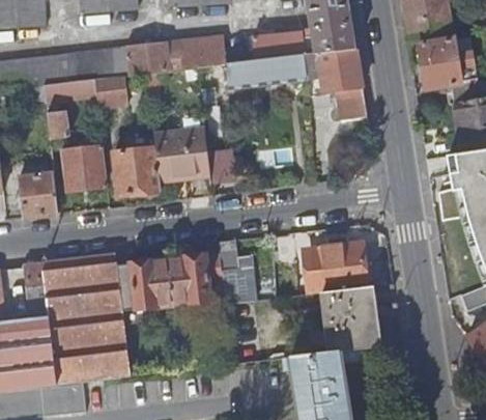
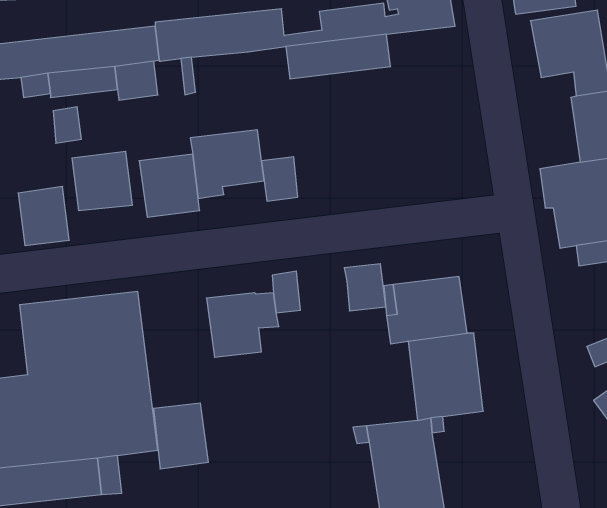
building: [305,48,369,119] -> none
building: [130,257,172,308] -> [153,403,208,469]
building: [220,265,252,302] -> [344,264,386,311]

